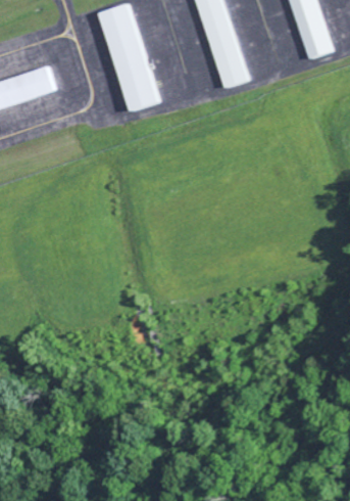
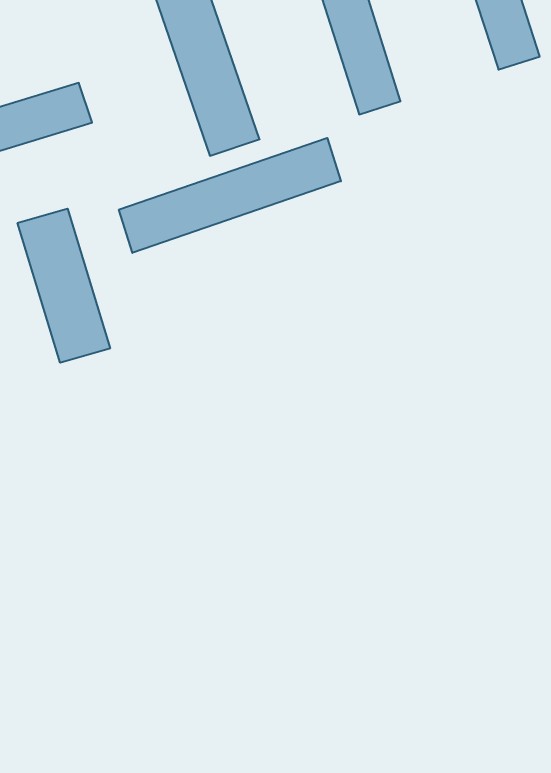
building: none -> [119,138,341,253]
building: none -> [18,209,110,363]

